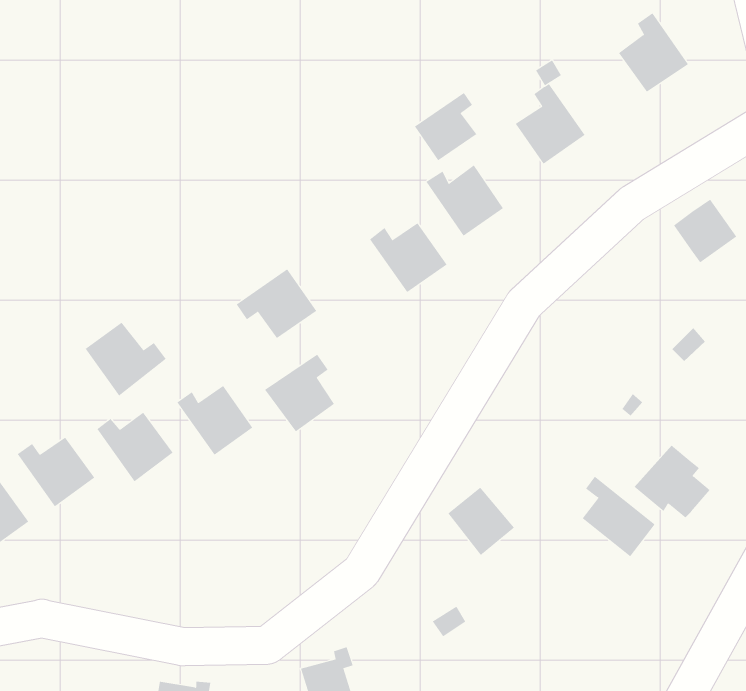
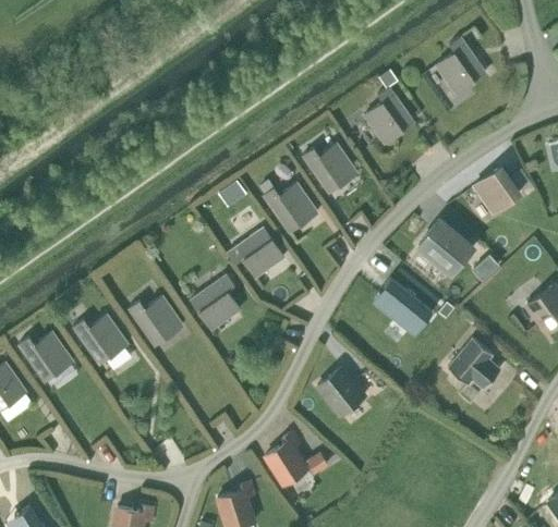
building: [414,92,477,161] -> none
building: [236,269,317,339] -> [228,229,284,278]
building: none -> [418,221,473,274]
building: [85,322,167,396] -> none
building: [582,476,656,557] -> [383,281,434,338]
building: none -> [264,431,311,488]

